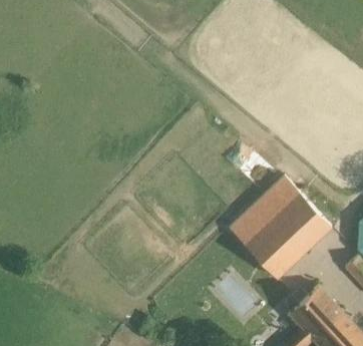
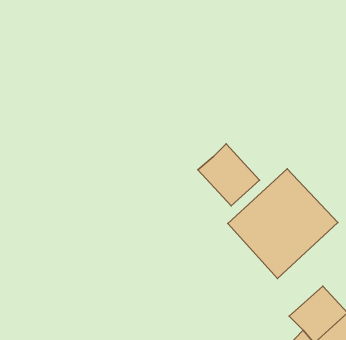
building: none -> [198,144,260,206]

